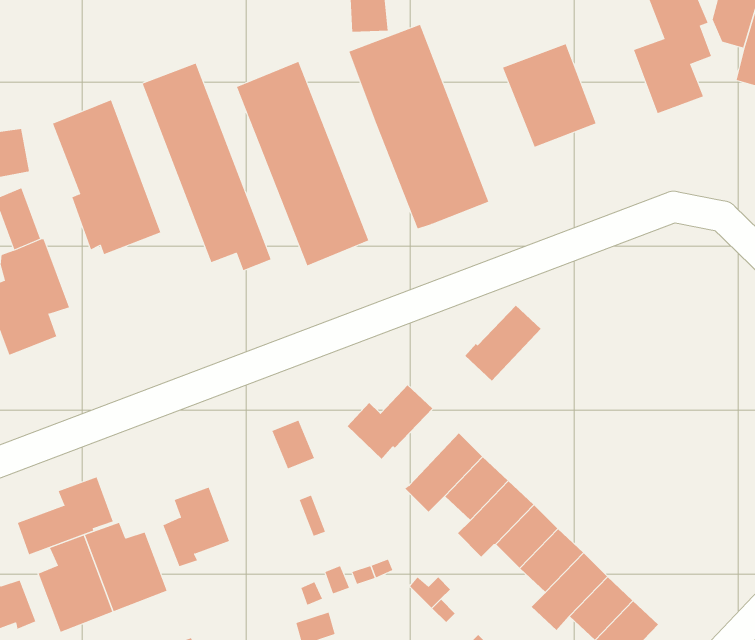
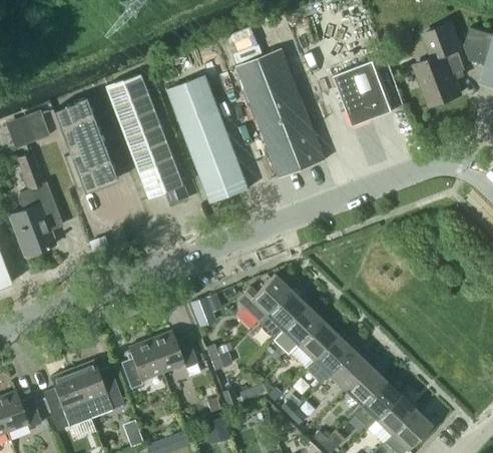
building: [465,305,541,382] -> [258,290,306,338]
building: none -> [149,331,197,373]
building: [17,477,114,555] -> none

